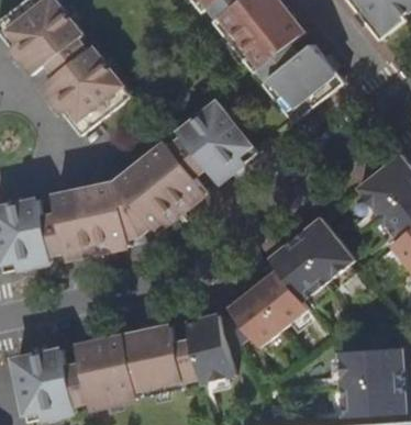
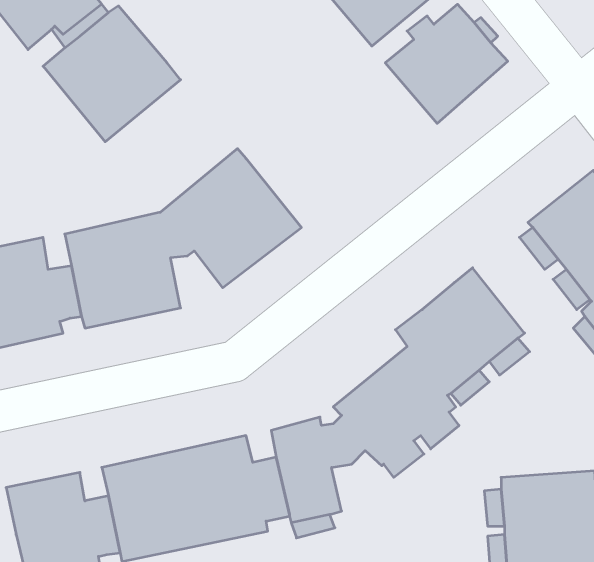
building: [173,97,258,179] -> none

